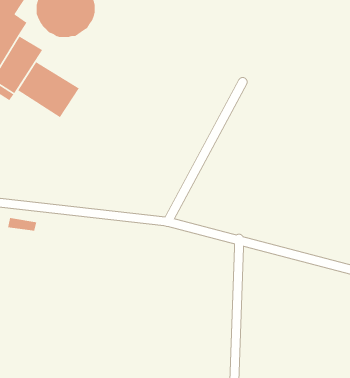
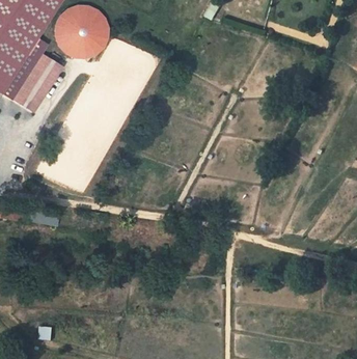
building: [17,61,80,118] -> none

